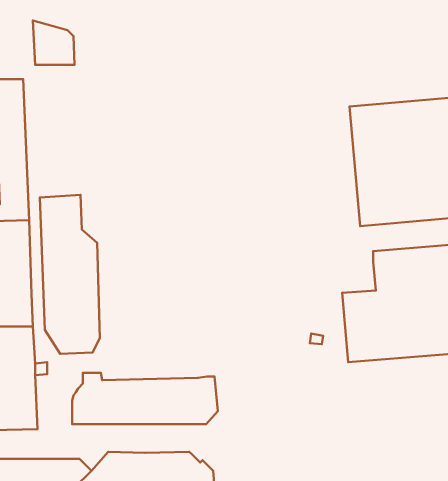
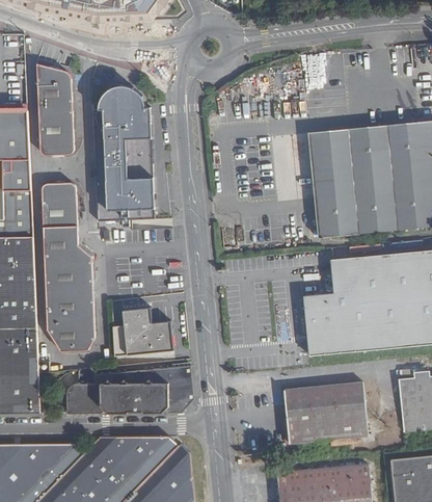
building: none -> [91,84,155,226]
building: none -> [36,97,73,150]
building: none -> [39,178,76,212]
building: none -> [115,306,178,354]
building: none -> [285,385,367,443]

